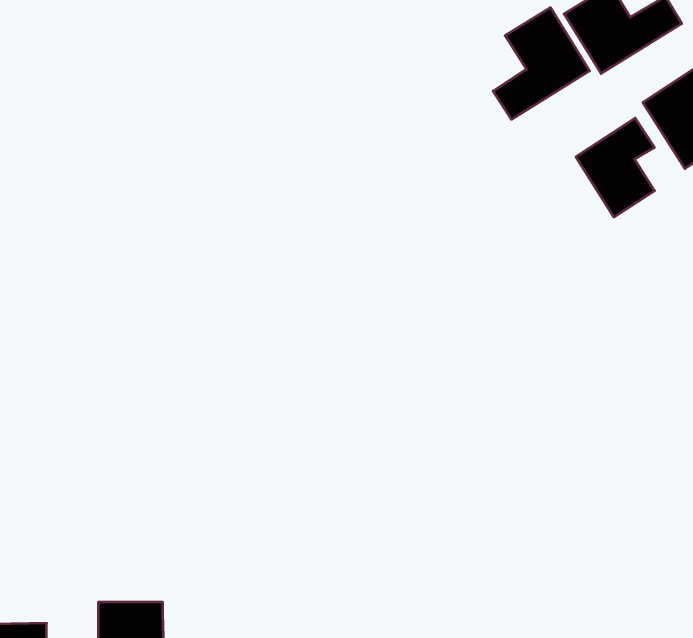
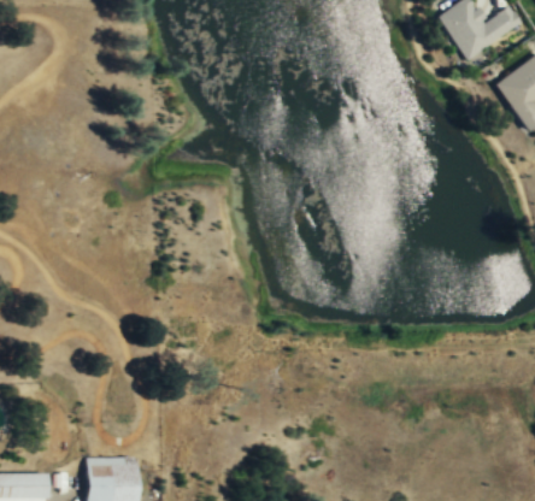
building: [493,8,590,119] -> none
building: [576,118,655,217] -> none

